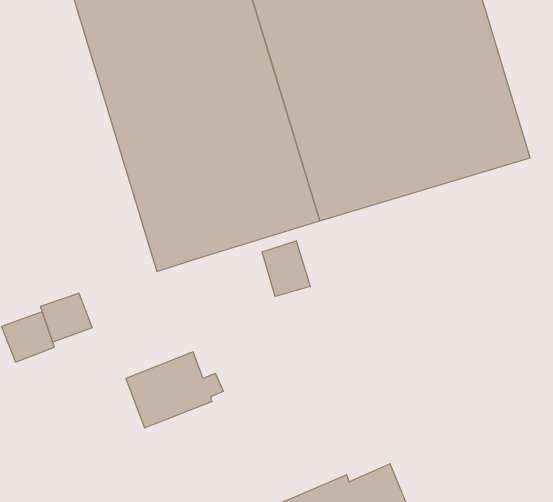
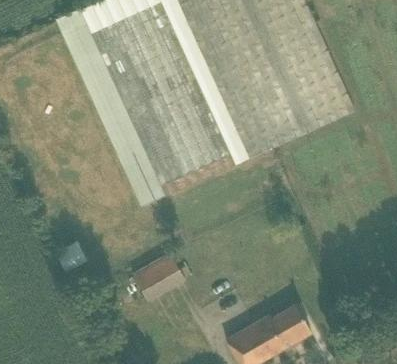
building: [262,241,310,296] -> none
building: [40,293,92,342] -> none

